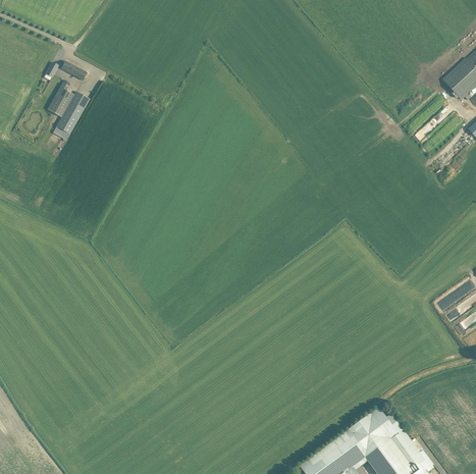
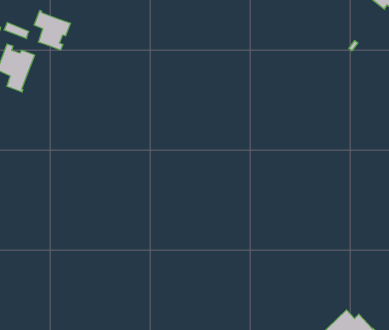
building: none -> [34,10,70,50]

